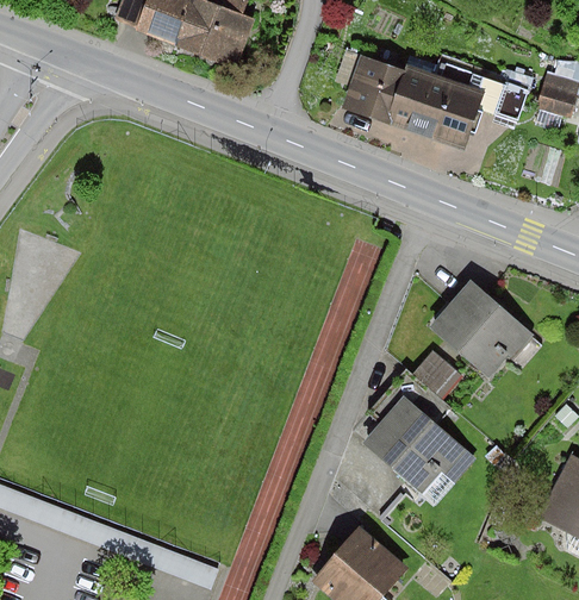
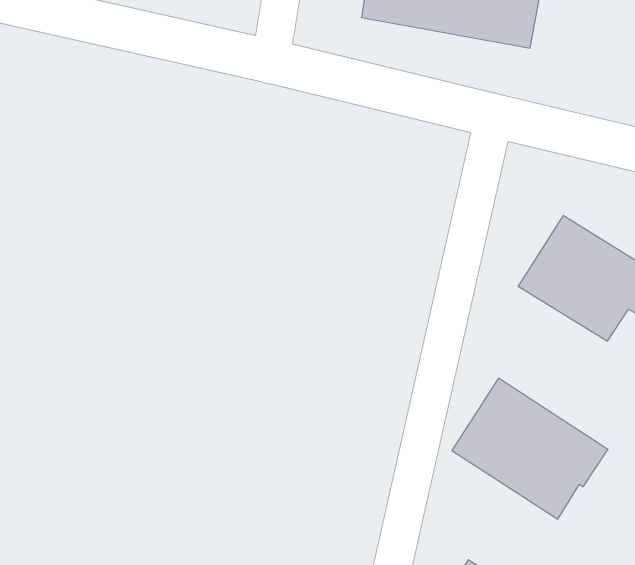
building: [413,350,463,399] -> none

